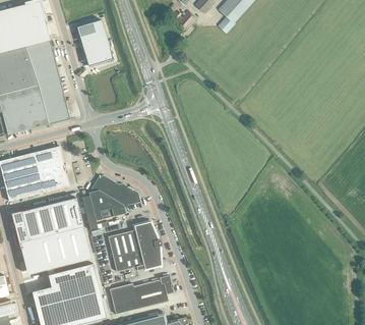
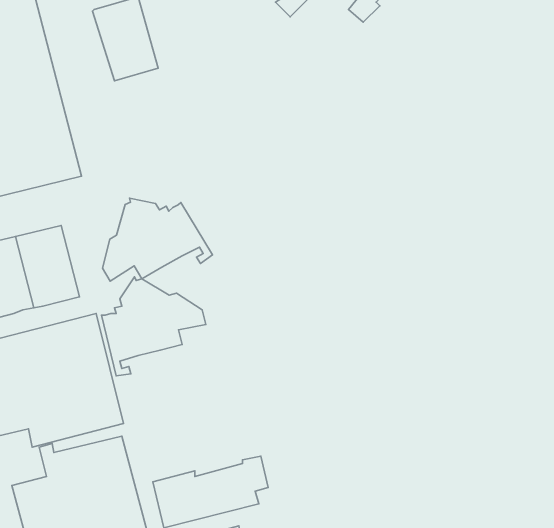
building: none -> [102,198,212,281]
building: [107,224,160,272] -> none

